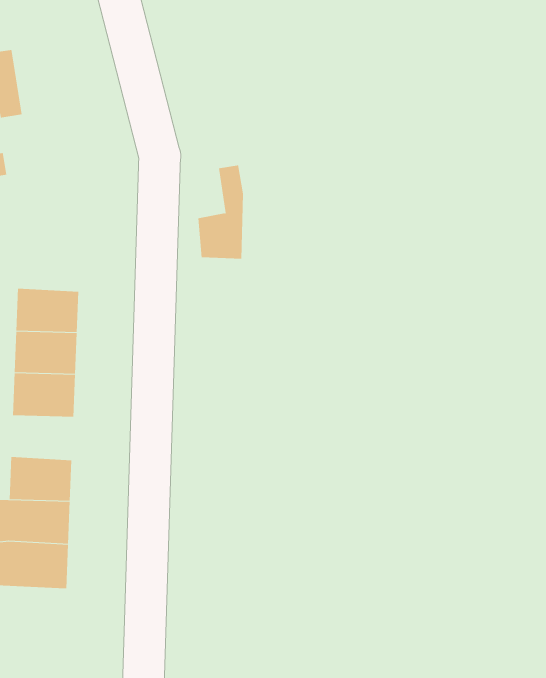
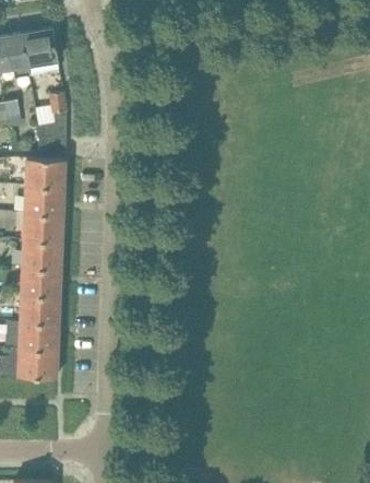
building: none -> [22,28,59,75]
building: [197,165,244,259] -> [37,92,67,152]
building: none -> [25,157,65,188]
building: none -> [21,267,61,295]

